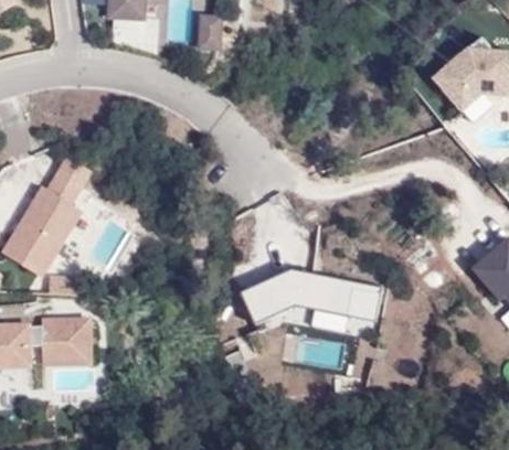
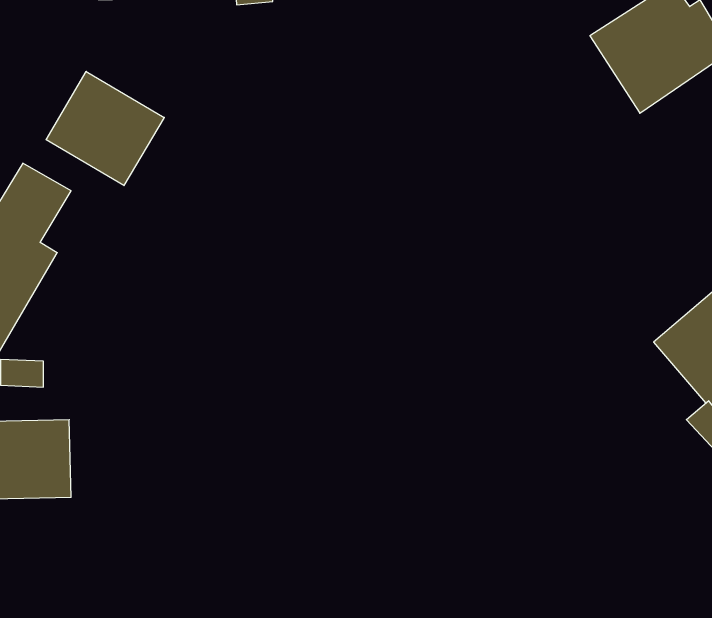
building: none -> [46,71,164,186]
building: [247,265,382,324] -> none

